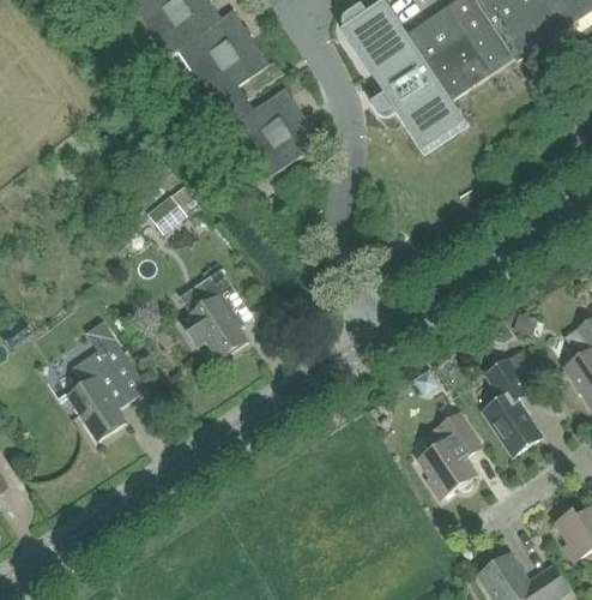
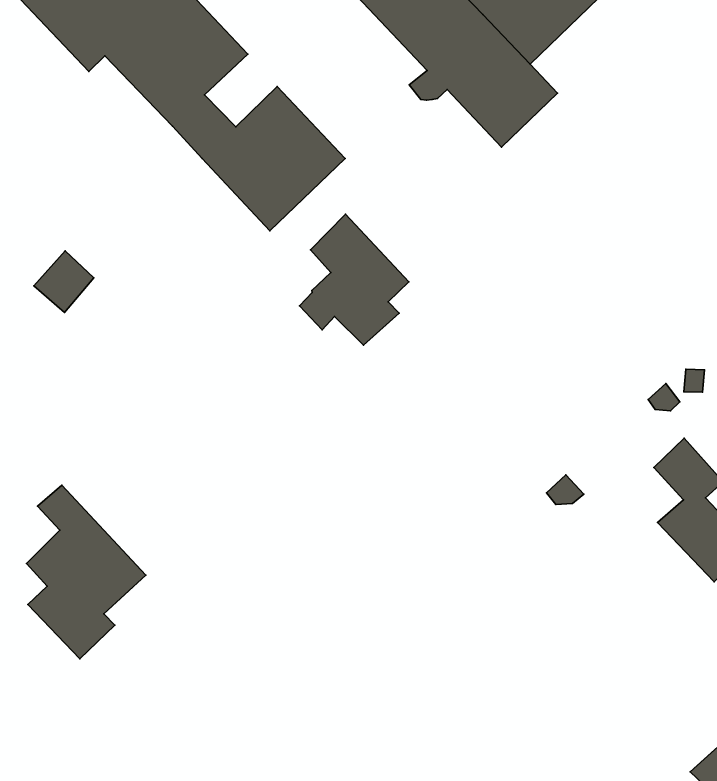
building: [146,194,186,234] -> [34,251,94,312]
building: [181,268,254,354] -> [299,214,409,345]
building: [418,412,478,498] -> none

